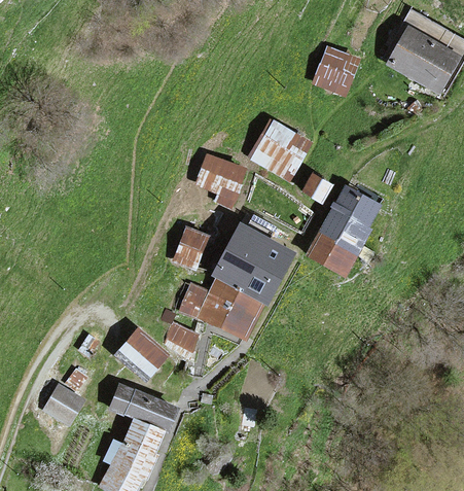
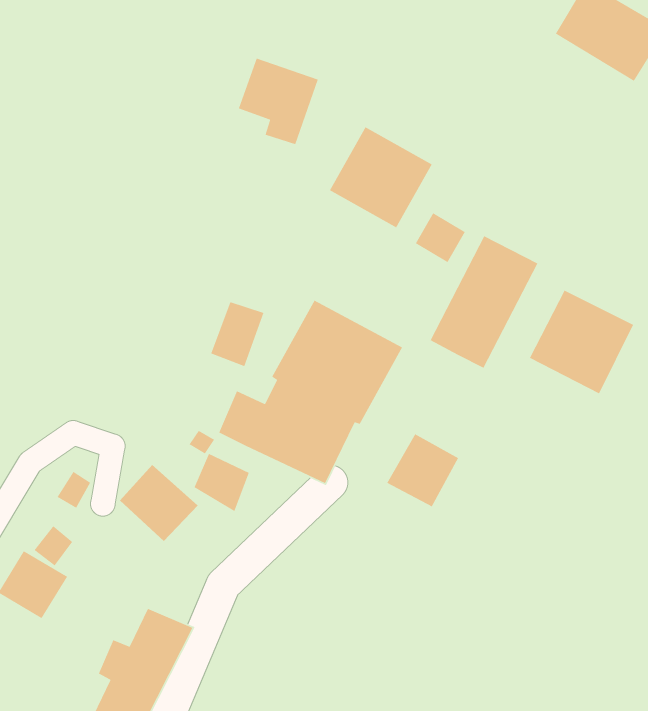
building: [314,46,360,96] -> none
building: [195,154,246,209] -> [238,58,319,145]
building: none -> [529,289,634,395]
building: none -> [386,433,459,507]
building: [112,385,176,429] -> none

